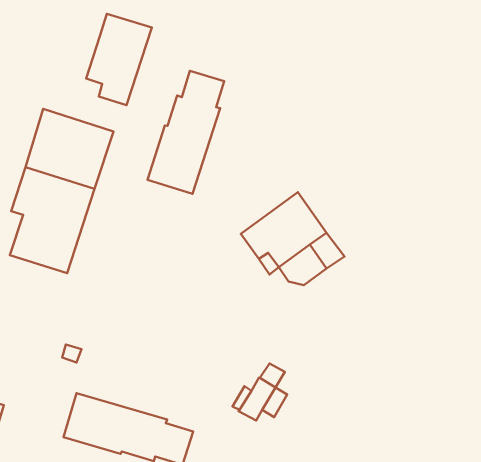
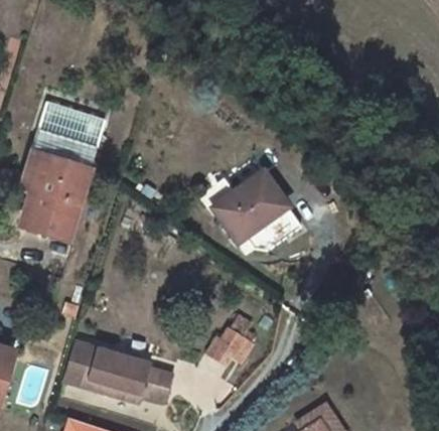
building: [86,14,152,105] -> none
building: [147,71,224,194] -> none

